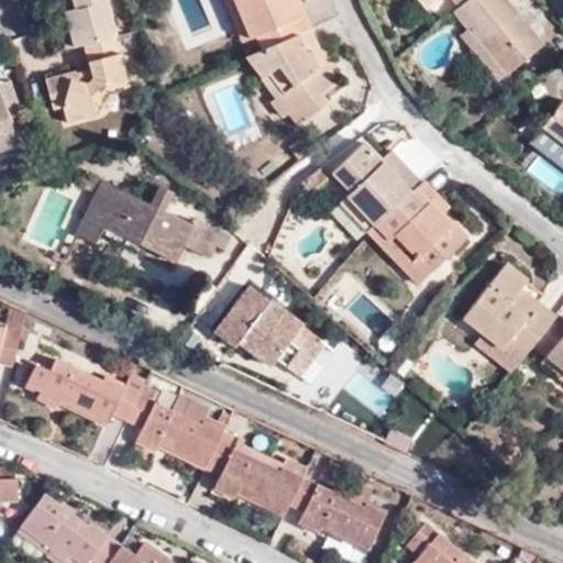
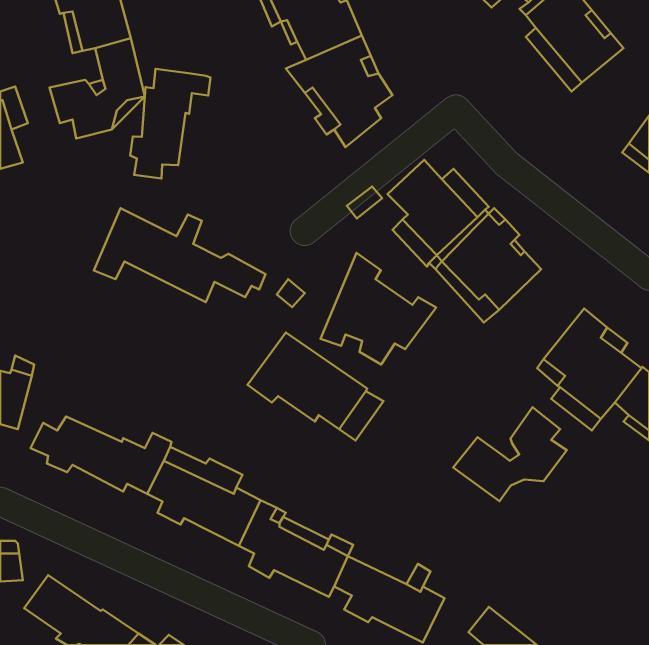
building: none -> [130,69,210,178]
building: none -> [321,253,436,364]
building: none -> [453,407,567,501]

